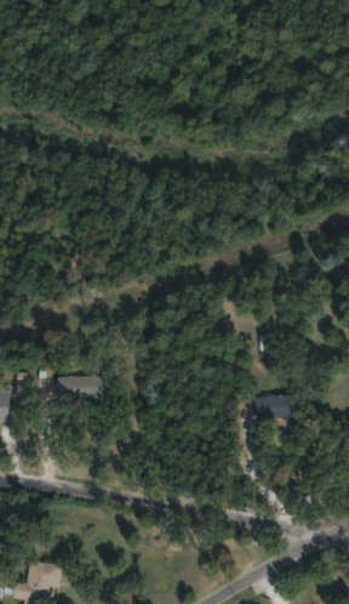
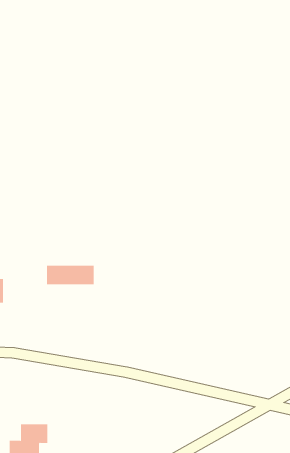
building: [253,394,307,421] -> none

